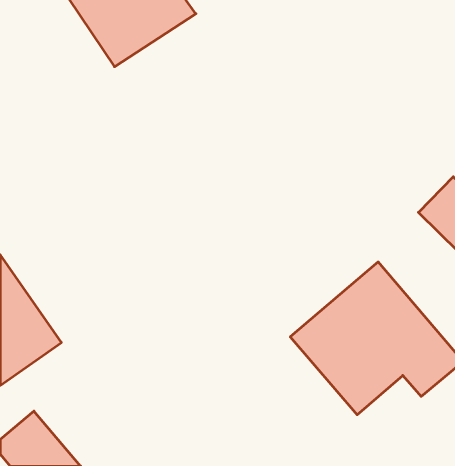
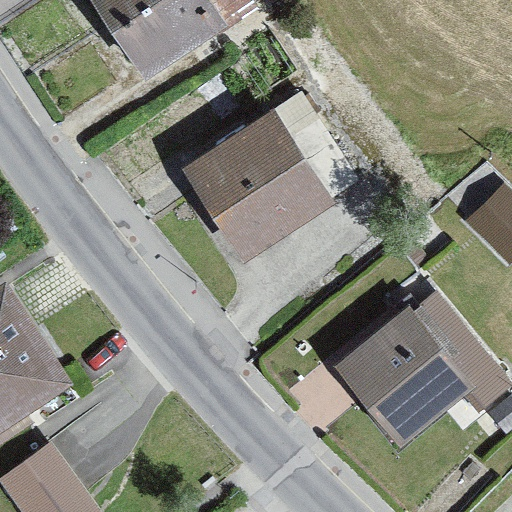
building: none -> [180,109,331,262]

